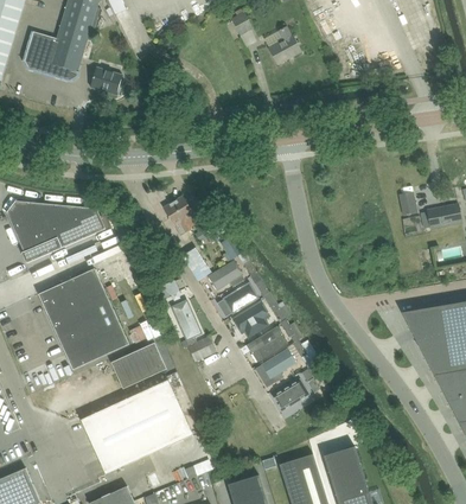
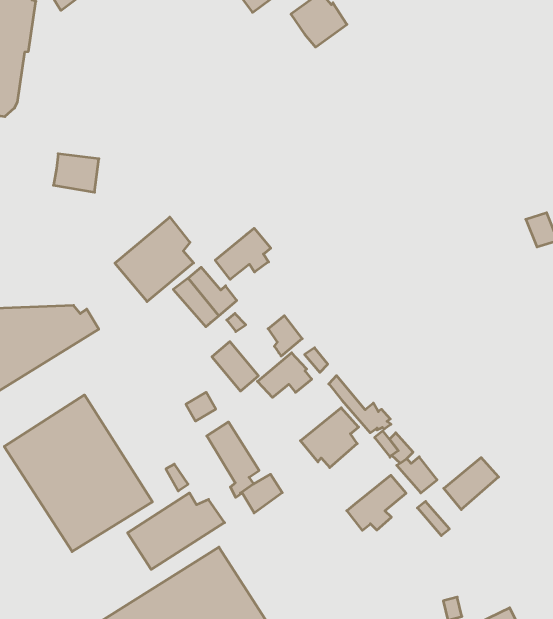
building: [90,66,122,95] -> [53,154,99,192]
building: none -> [115,217,194,302]
building: none -> [215,228,271,279]
building: [218,281,258,315] -> none
building: [247,325,287,362] -> none
building: [272,378,308,410] -> [444,458,499,510]

